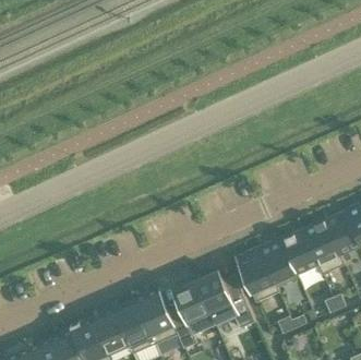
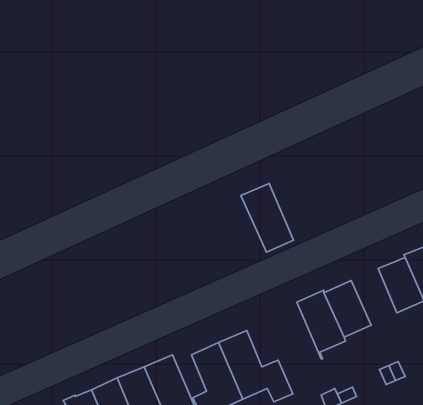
building: [302,219,344,275] -> none
building: [236,247,278,302] -> [241,183,294,252]

